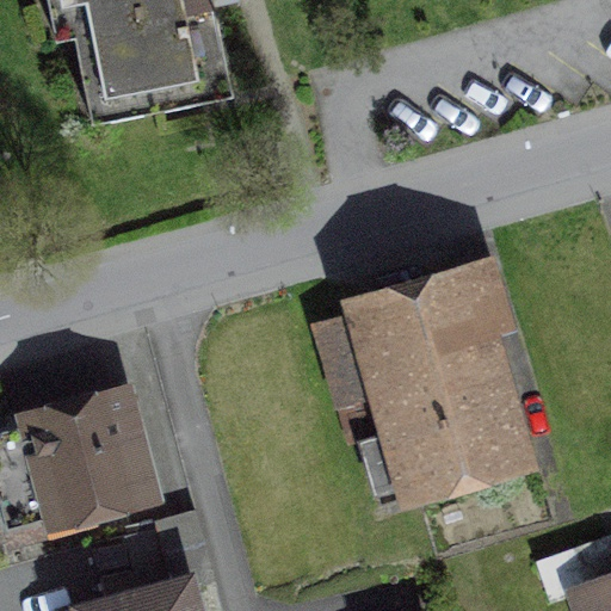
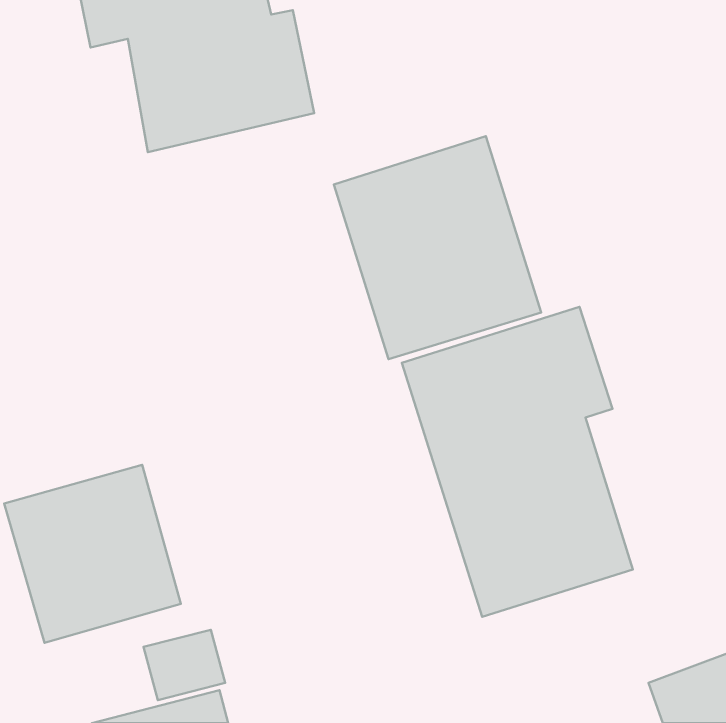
building: none -> [334,136,541,359]

